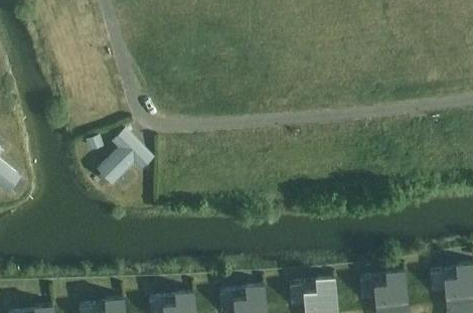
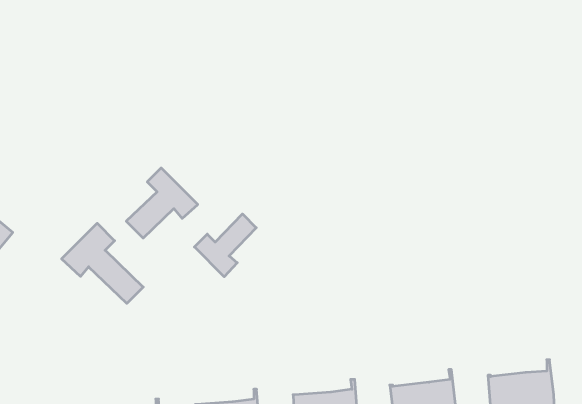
building: none -> [194,214,256,277]
building: none -> [62,223,143,303]

